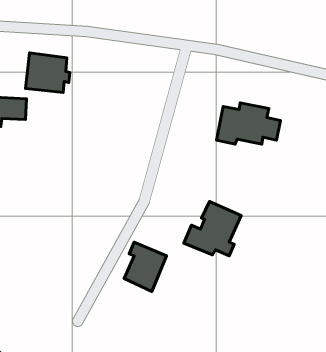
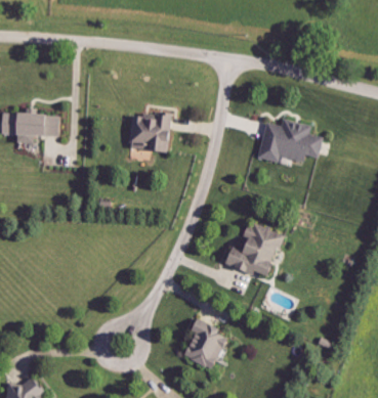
building: [25,53,70,92] -> [127,112,173,152]
building: [124,242,167,291] -> [185,319,229,370]

